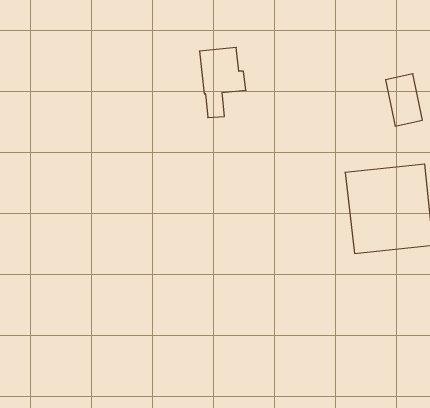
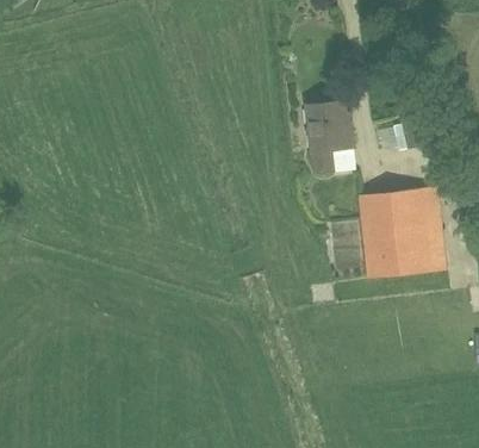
building: [199,47,246,118] -> [306,104,353,174]

